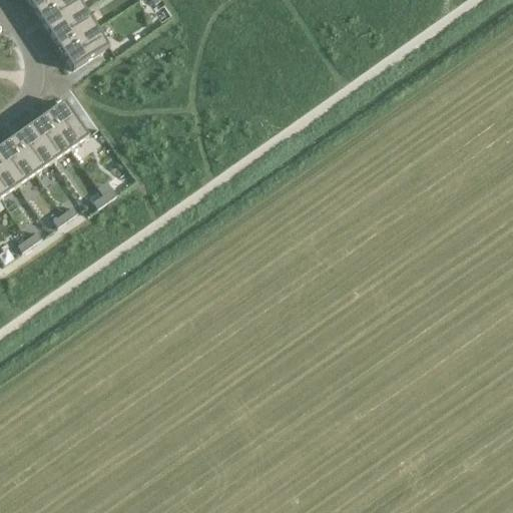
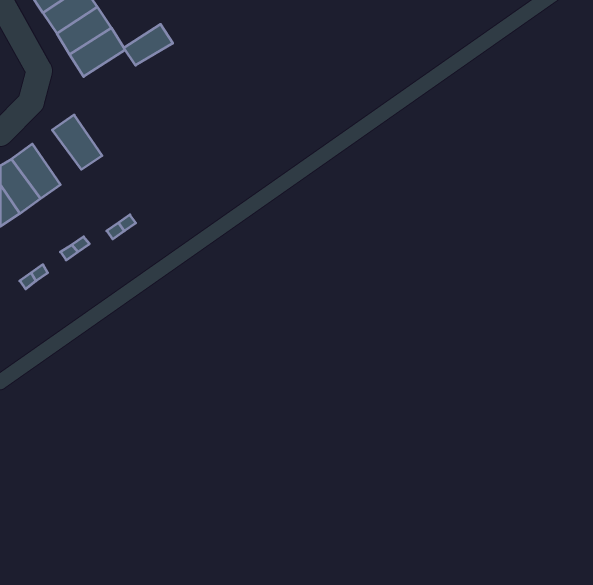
building: none -> [124,24,173,65]
building: [28,112,70,159] -> none

